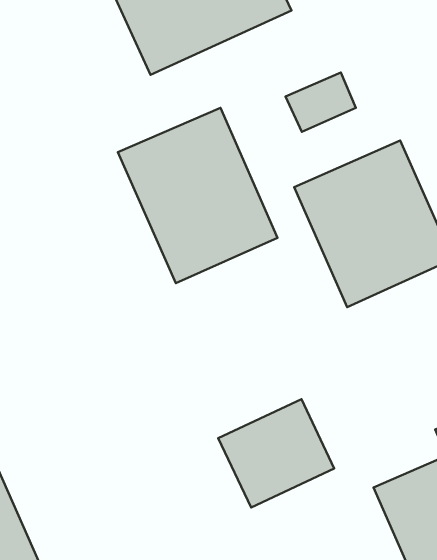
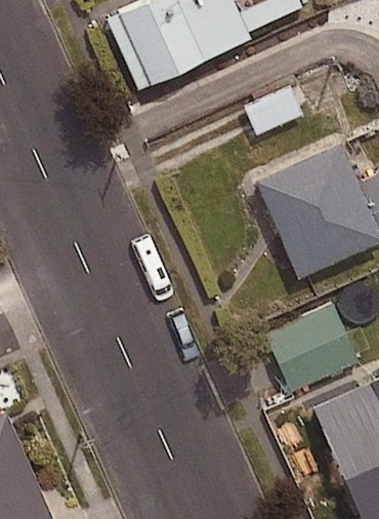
building: [118,108,277,283] -> none
building: [218,399,334,508] -> [265,304,360,392]

